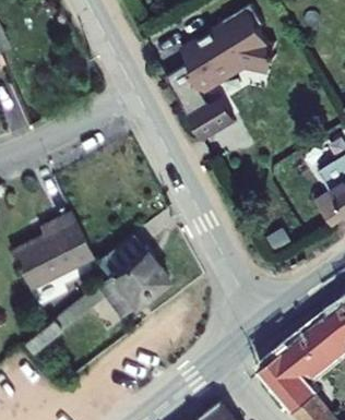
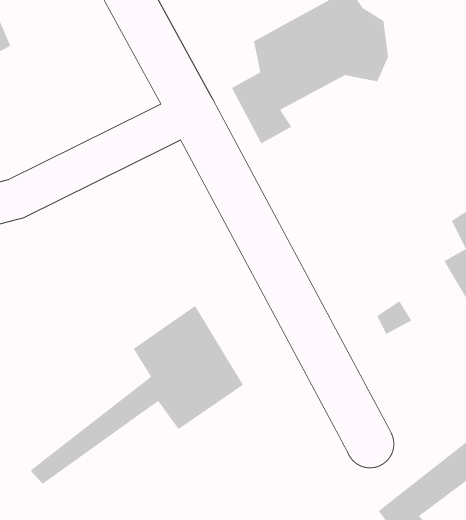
building: [186,100,233,141] -> none
building: [11,209,95,291] -> none

